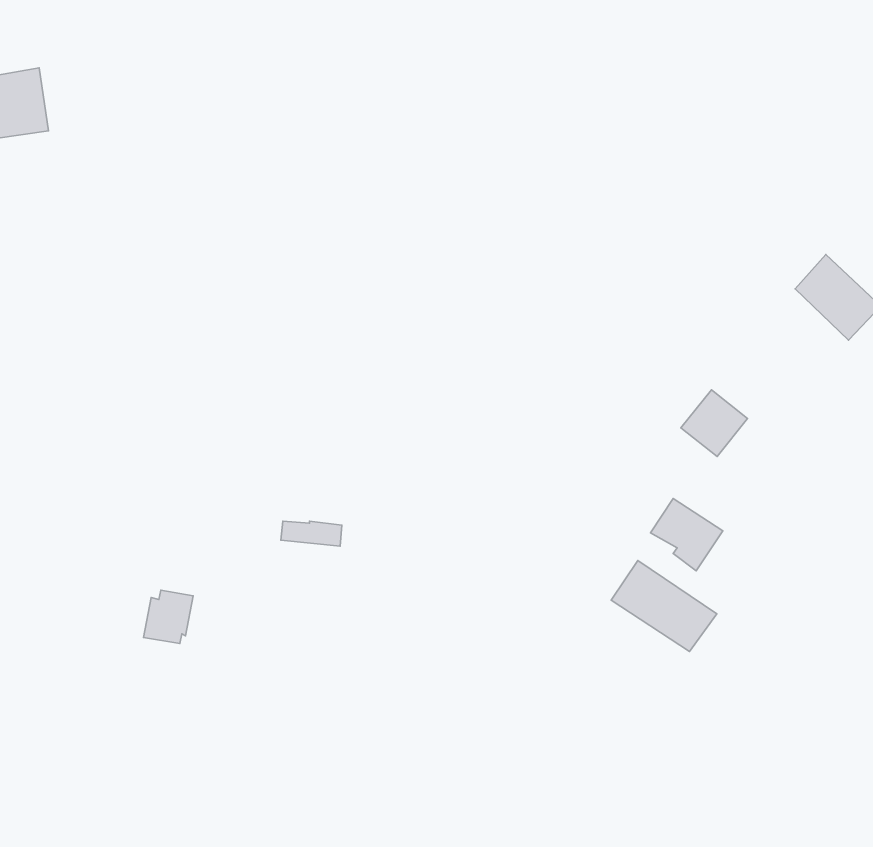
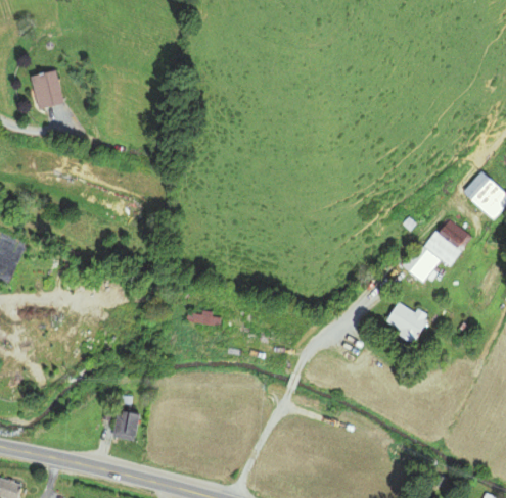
building: none -> [424,217,470,264]
building: [611,560,717,652] -> none
building: [144,590,193,643] -> [112,410,139,439]

